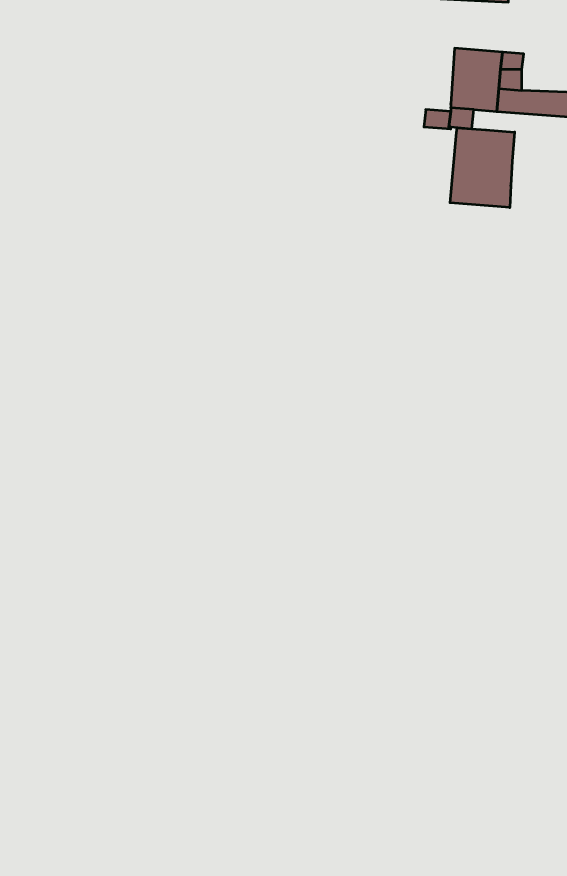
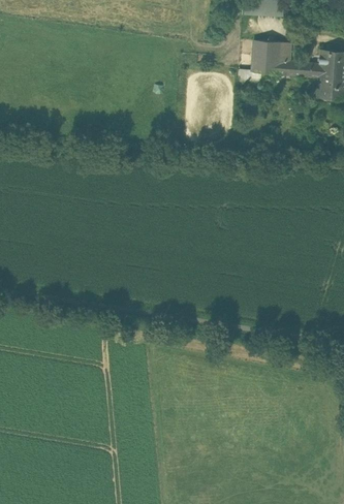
building: [450,128,515,208] -> none

